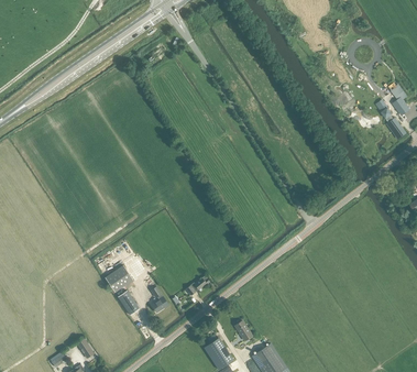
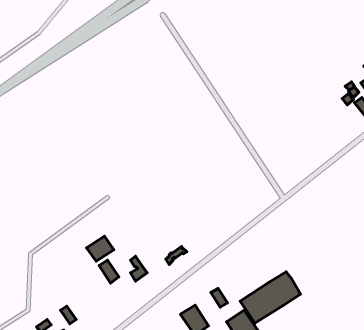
building: none -> [240,272,301,323]

